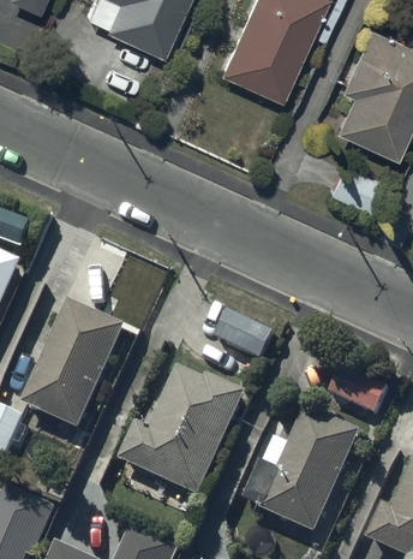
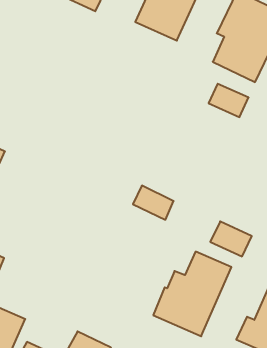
building: [22,301,124,429] -> none
building: [118,365,246,496] -> none

